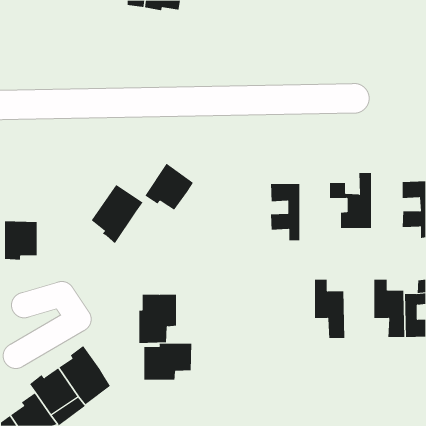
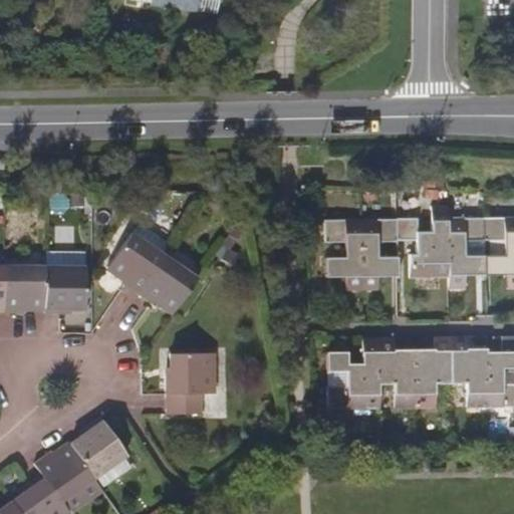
building: [144,163,194,210] -> [139,255,198,312]
building: none -> [448,219,485,288]
building: none -> [361,220,398,290]
building: none -> [45,267,85,313]
building: none -> [327,336,378,409]
building: none -> [415,336,450,408]
building: [144,343,192,381] -> none

